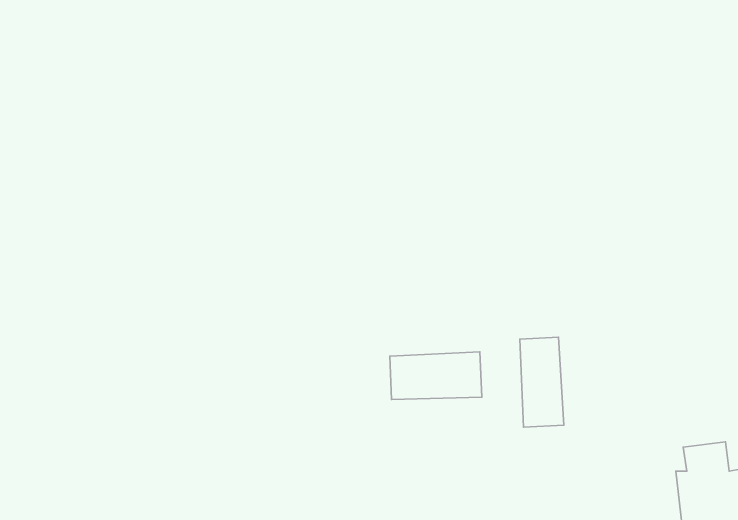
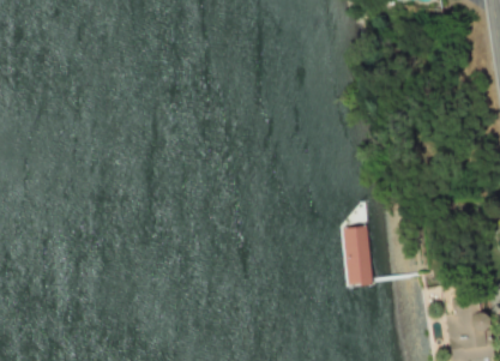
building: [390,352,482,400] -> none

